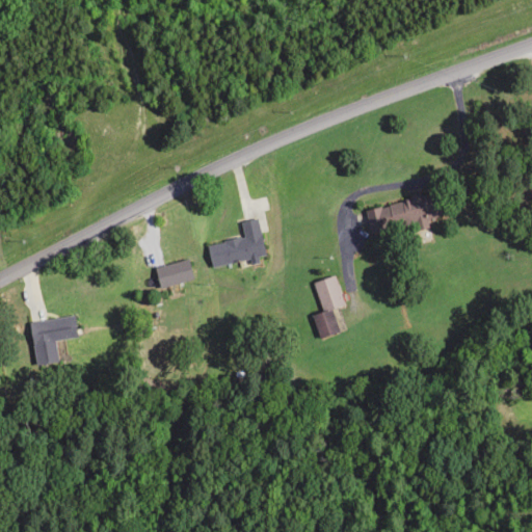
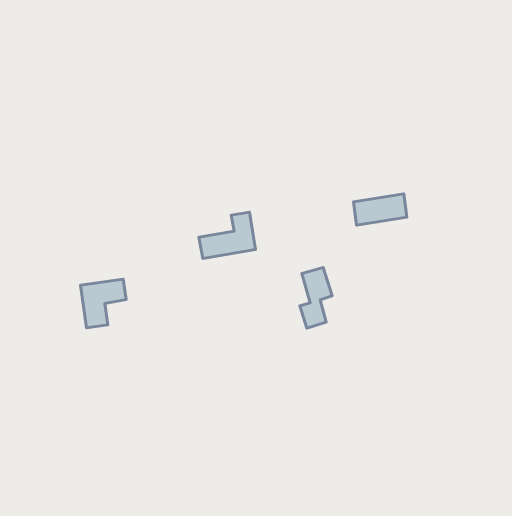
building: [155,259,194,288] -> none
building: [31,316,78,366] -> [81,279,126,328]

